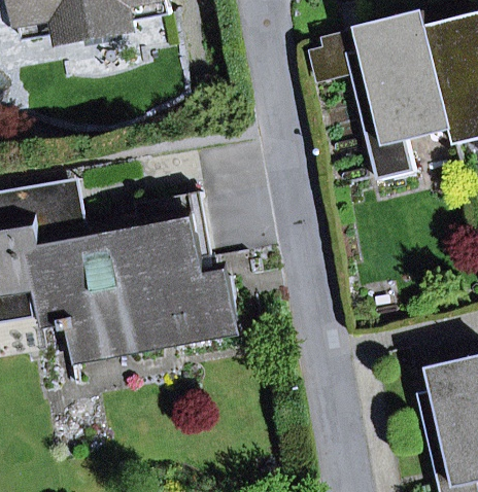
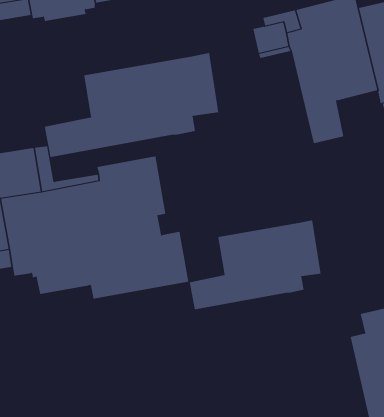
building: none -> [44,52,219,158]
building: none -> [189,219,321,310]

